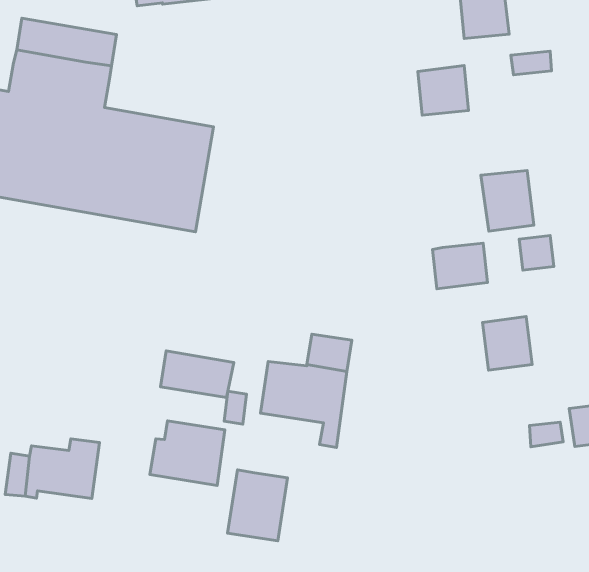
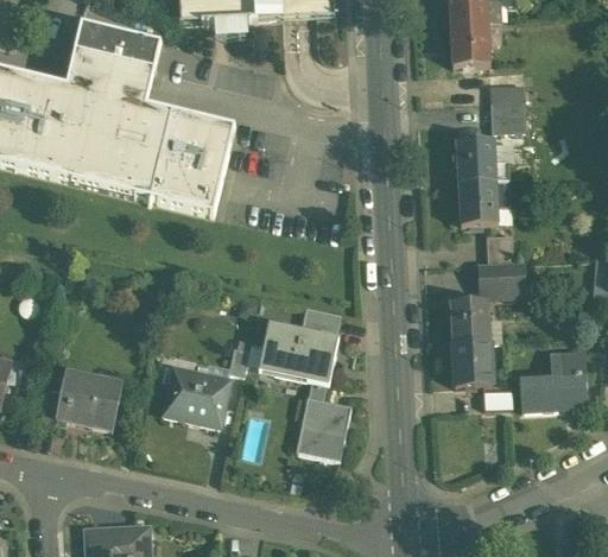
building: [418,65,469,115] -> [456,141,496,181]
building: none -> [490,97,524,128]
building: [433,243,487,289] -> [479,261,522,297]
building: [160,351,234,397] -> none
building: none -> [452,342,492,388]
building: [228,470,288,541] -> [294,397,348,458]

